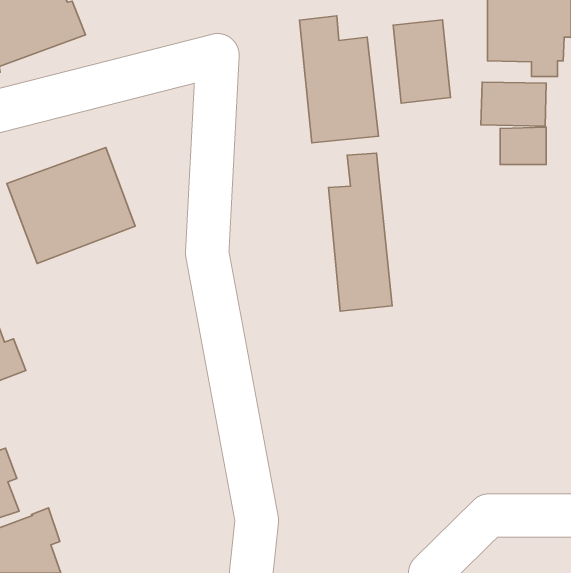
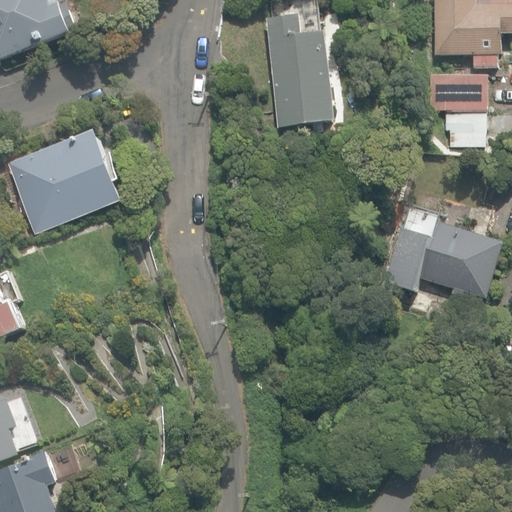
building: [393,20,450,103] -> none
building: [329,153,392,311] -> none
building: none -> [402,204,501,297]

